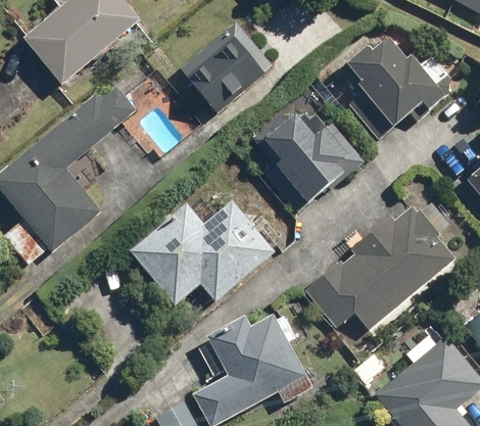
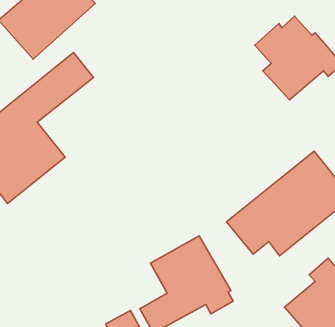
building: [181,19,278,115] -> none
building: [252,108,366,200] -> none
building: [127,200,277,304] -> none

